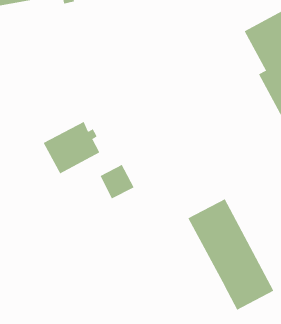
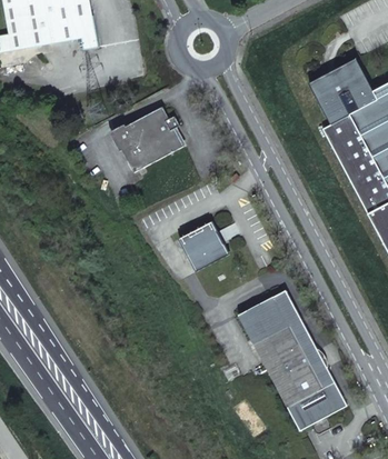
building: [43,121,100,174] -> [112,107,183,172]
building: [100,164,135,199] -> [182,224,226,268]

